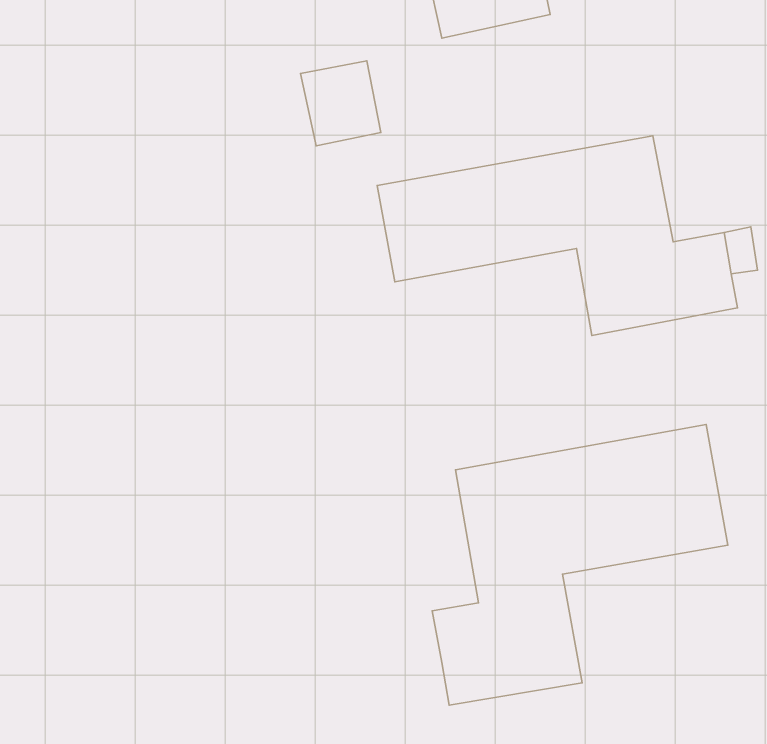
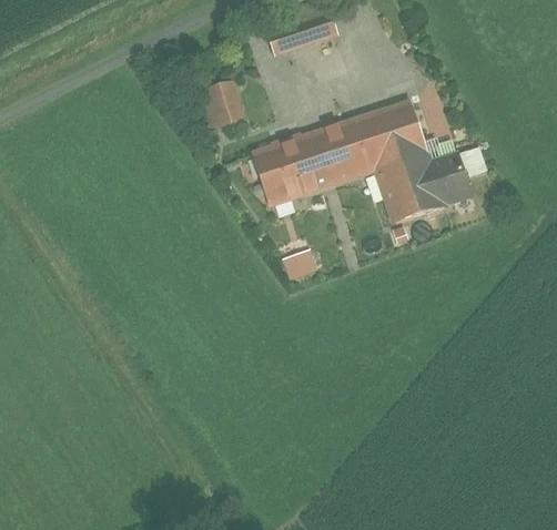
building: none -> [281,246,317,279]
building: [432,425,728,705] -> none

